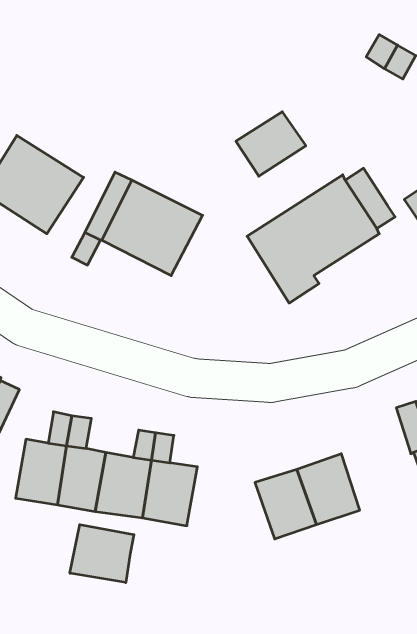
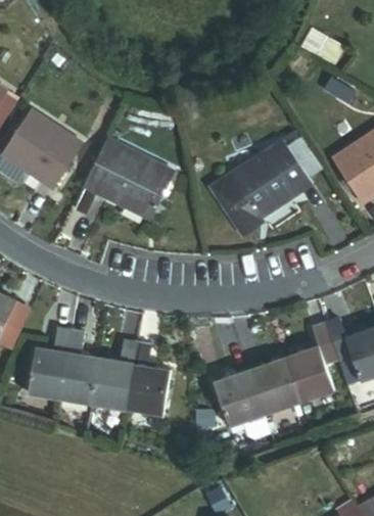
building: [236,112,306,176] -> none
building: none -> [282,323,336,403]
building: [70,525,134,583] -> none

